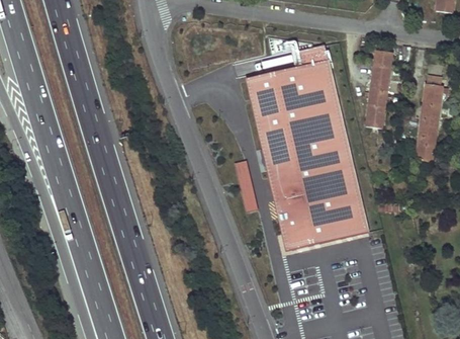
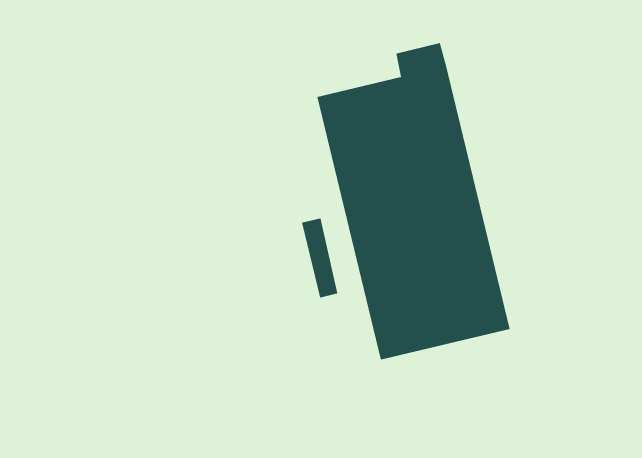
building: [365,50,392,128] -> none
building: [415,84,441,162] -> none

